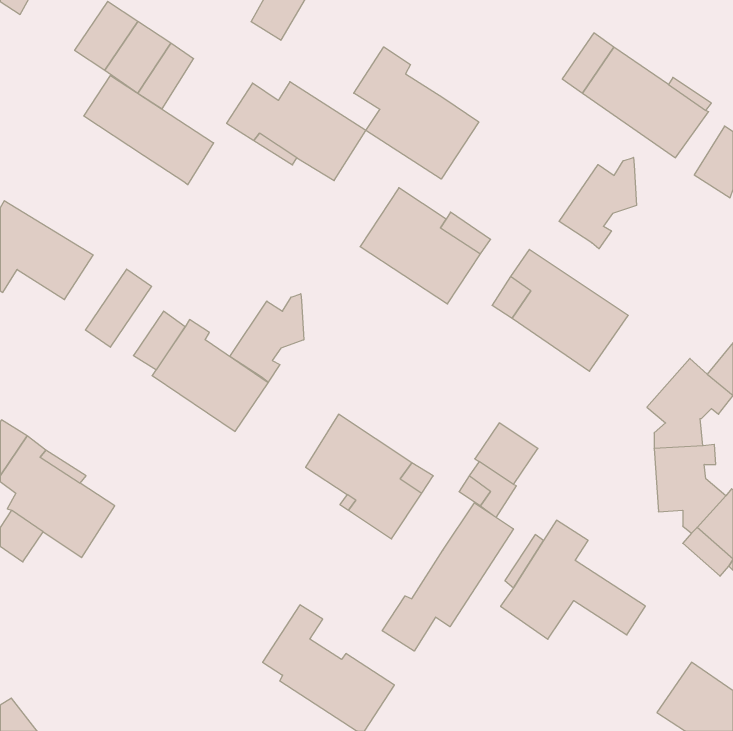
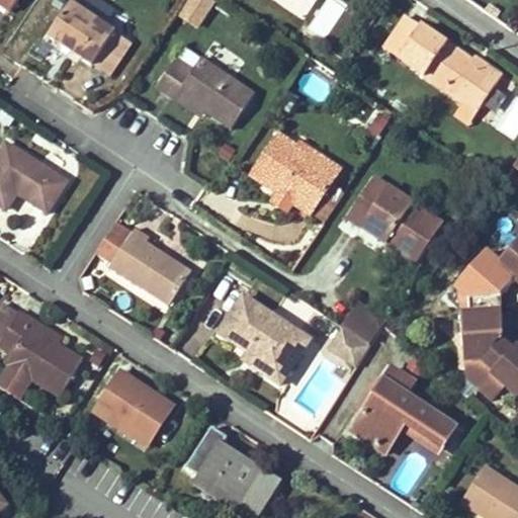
building: [354,47,479,179] -> none
building: [84,75,214,185] -> none
building: [559,157,636,249] -> none
building: [85,269,152,347] -> none
building: [230,294,304,382] -> none
building: [382,503,513,651] -> none
building: none -> [88,364,176,449]

